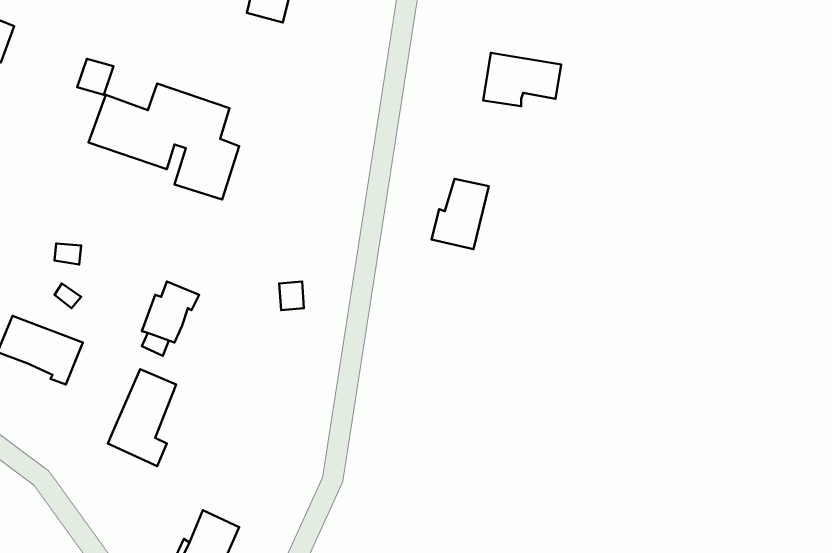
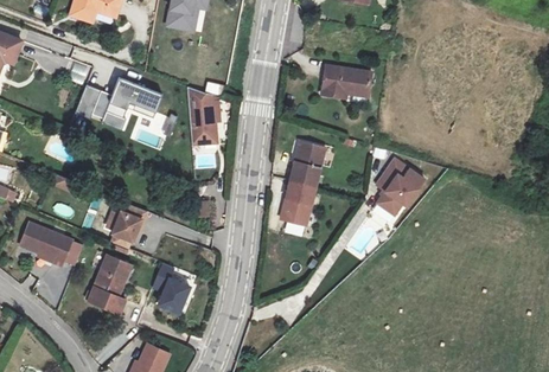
building: none -> [180,83,215,140]
building: none -> [375,155,428,217]
building: none -> [283,174,315,219]
building: none -> [153,264,196,315]

